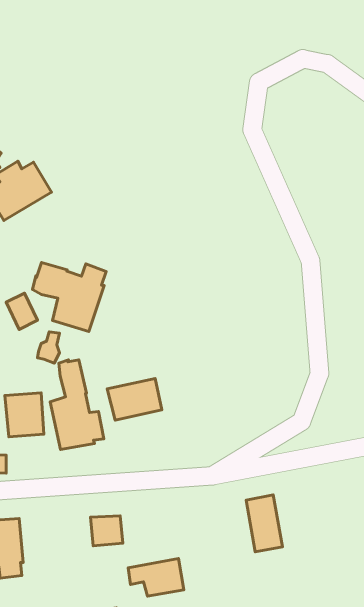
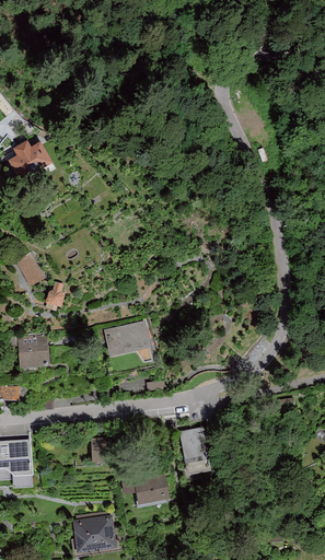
building: [32,263,106,332] -> none
building: [50,360,104,450] -> none
building: [246,495,282,552] -> [179,427,210,475]

